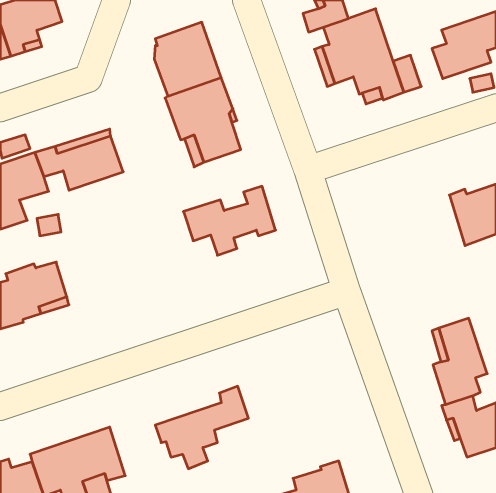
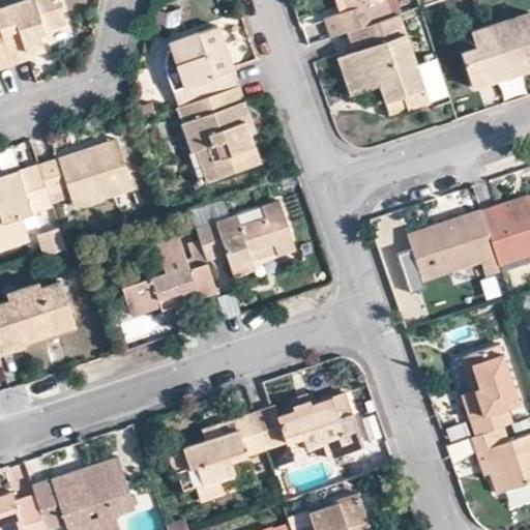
building: none -> [405,211,498,281]
building: none -> [122,236,216,316]
building: none -> [254,396,350,462]

